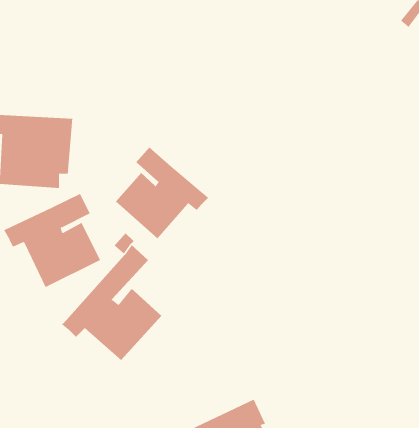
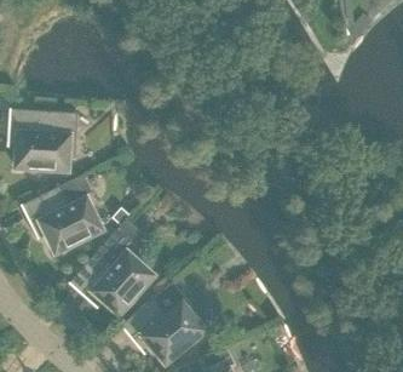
building: [115,146,209,239] -> none
building: none -> [120,282,211,364]

